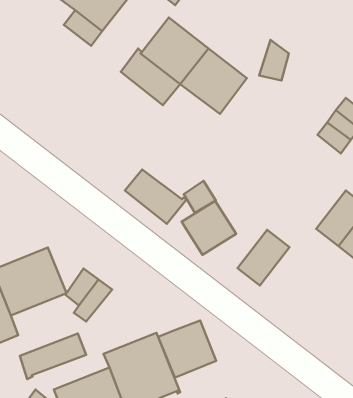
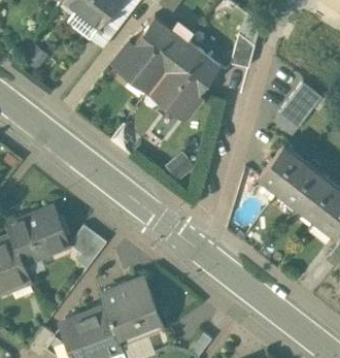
building: [125,170,187,224] -> [149,72,201,118]
building: [182,201,236,255] -> none
building: [238,230,290,286] -> [259,147,302,193]
building: [158,320,216,377] -> none
building: [20,334,86,379] -> none

